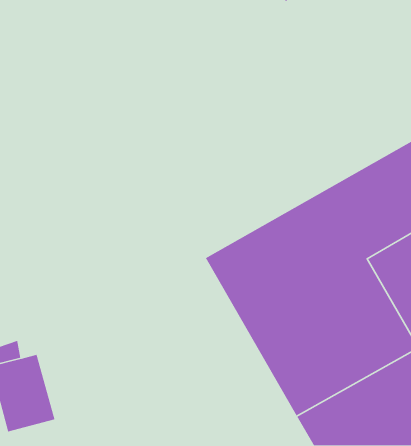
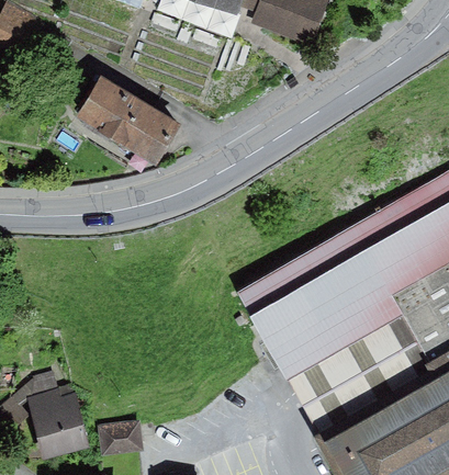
building: none -> [77,79,180,166]
building: none -> [99,422,143,456]

